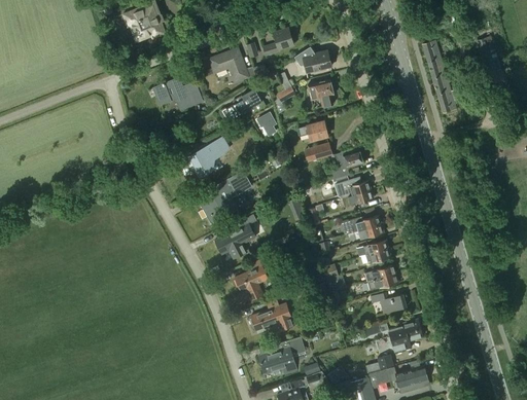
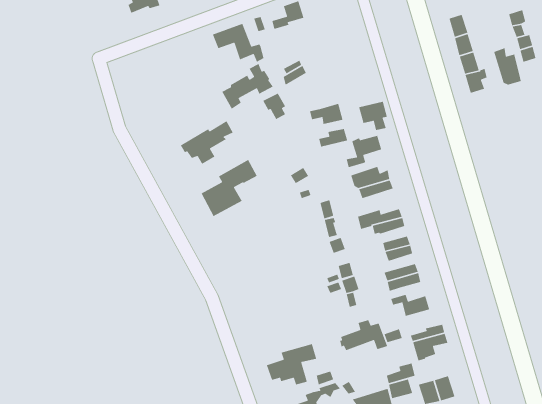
building: [293,47,331,73] -> none
building: none -> [493,47,522,85]
building: [154,79,202,110] -> none
building: [308,80,335,107] -> [358,101,388,131]
building: [215,215,256,259] -> none
building: [235,260,268,299] -> none
building: [250,301,294,330] -> [339,319,388,351]

